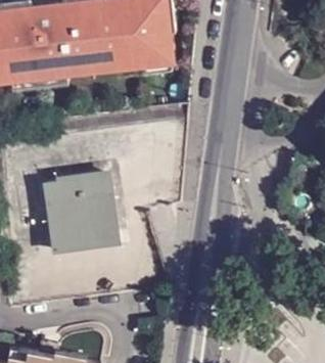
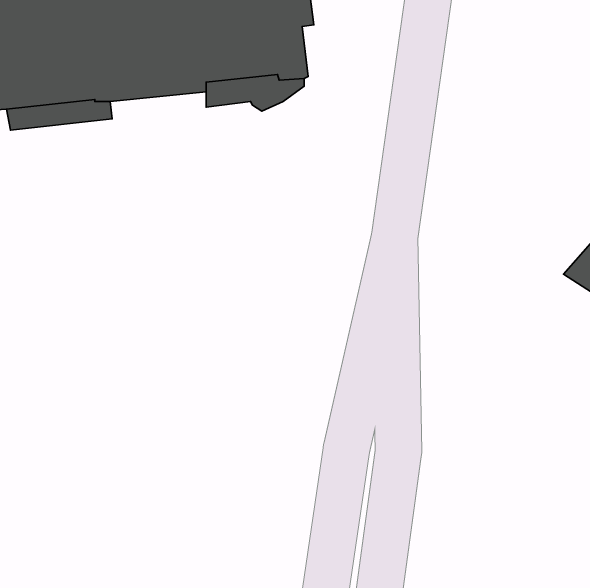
building: [48,176,118,251] -> none

